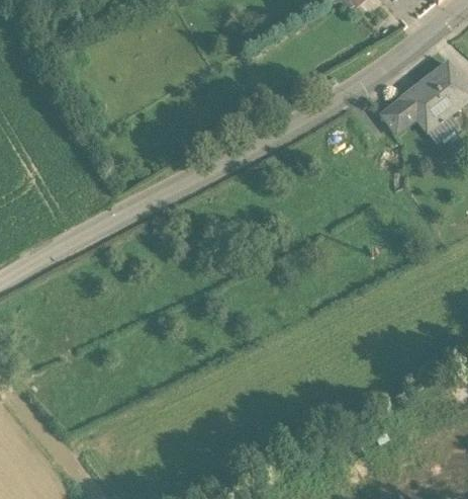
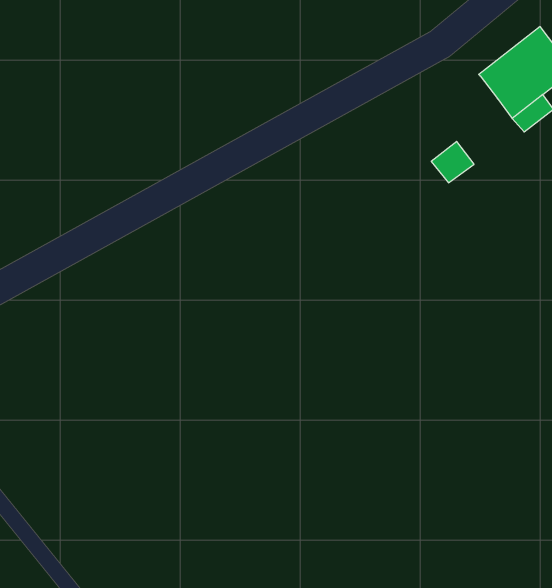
building: [380,99,412,131] -> [431,141,474,183]

